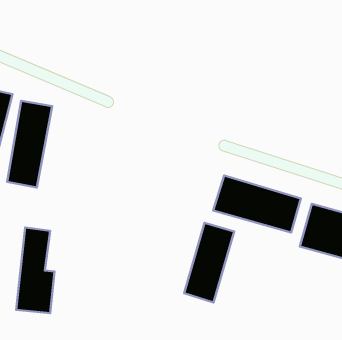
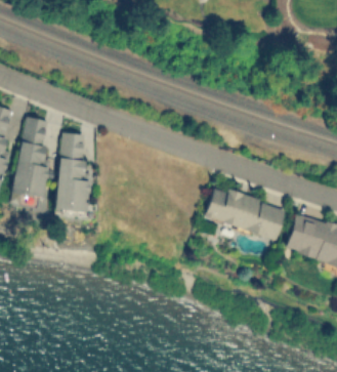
building: [184,223,234,302] -> none
building: [16,228,55,313] -> [54,132,90,212]

